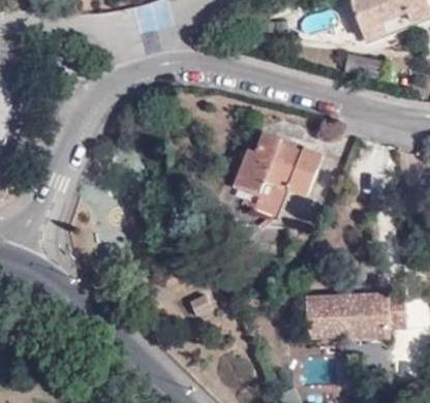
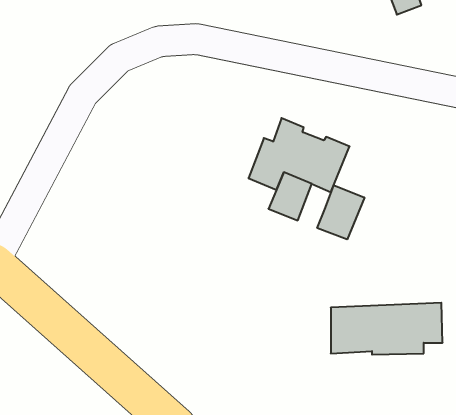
building: none -> [317,185,364,239]

